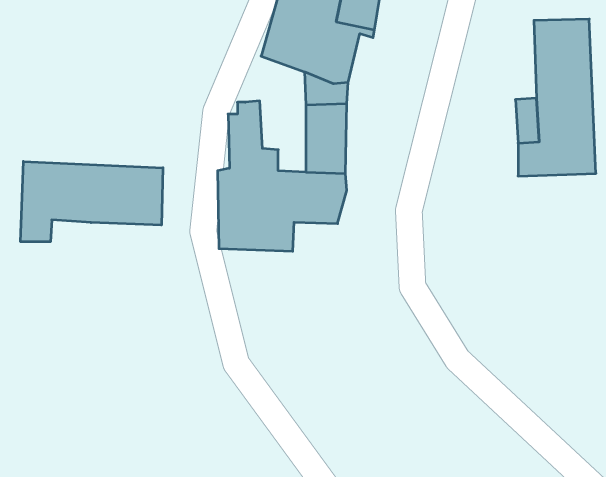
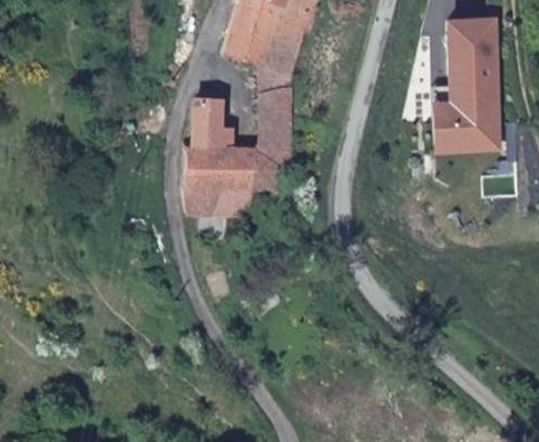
building: [21,161,163,242] -> none

